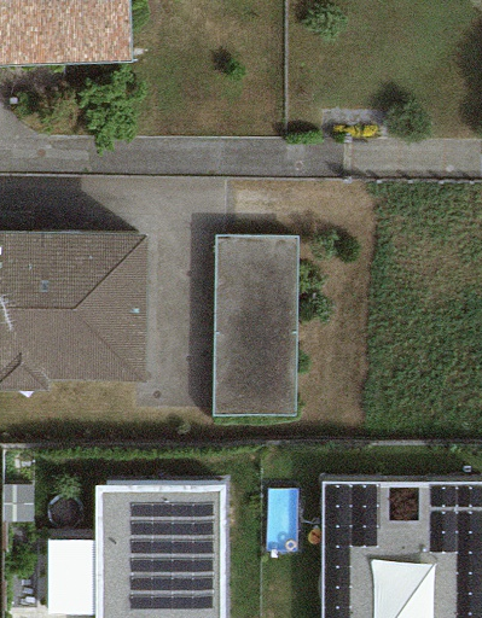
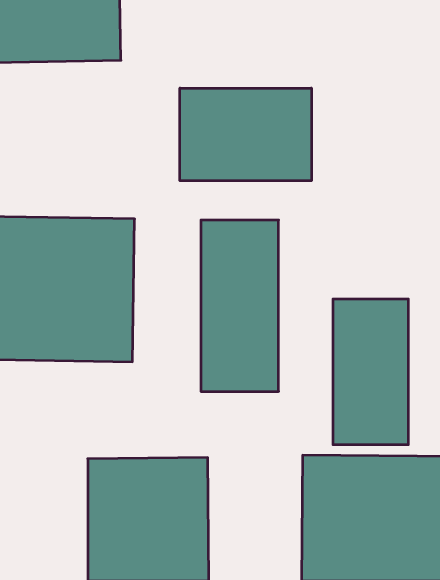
building: none -> [180,88,311,181]
building: none -> [333,299,408,445]

